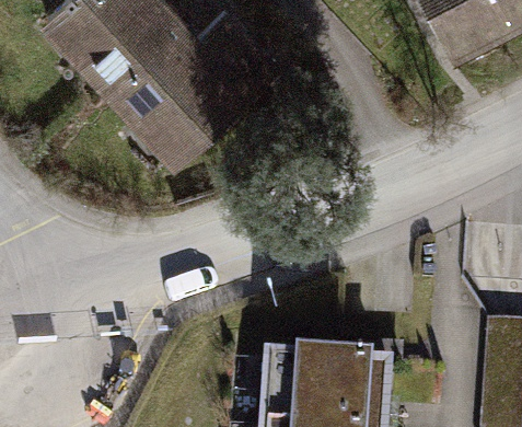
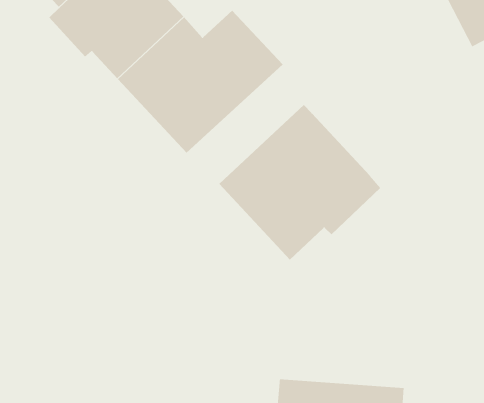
building: none -> [218,104,381,261]

